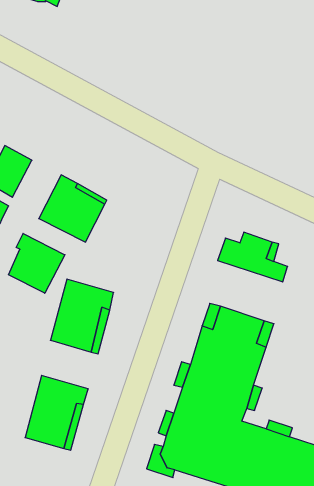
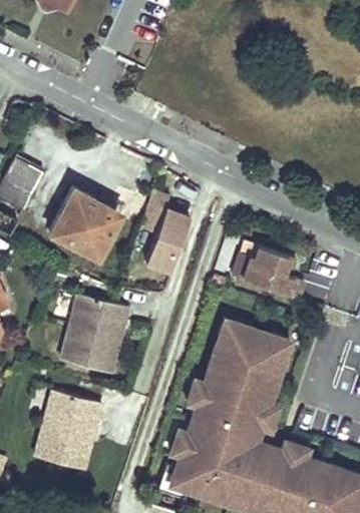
building: none -> [139,189,189,271]
building: [8,233,65,293] -> none

